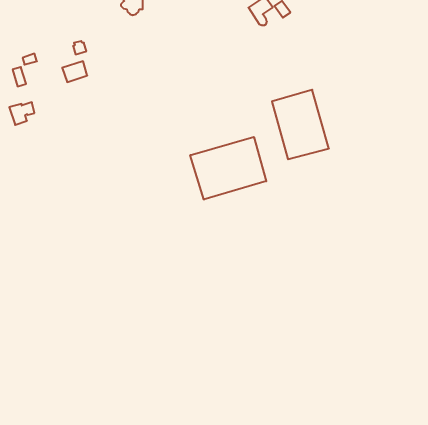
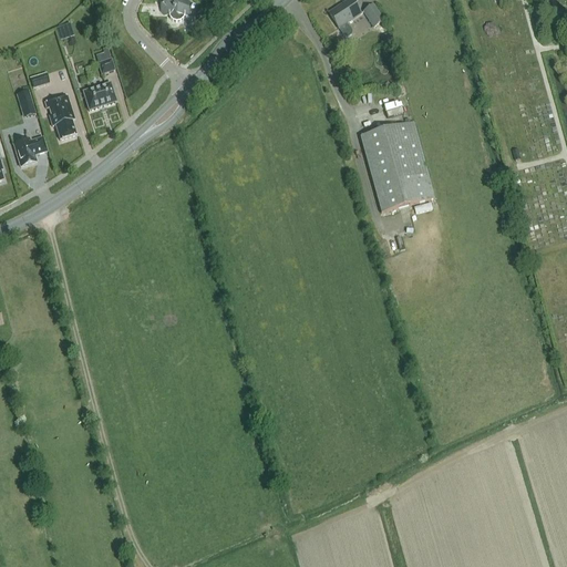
building: none -> [44,93,75,138]
building: [190,137,266,200] -> none

